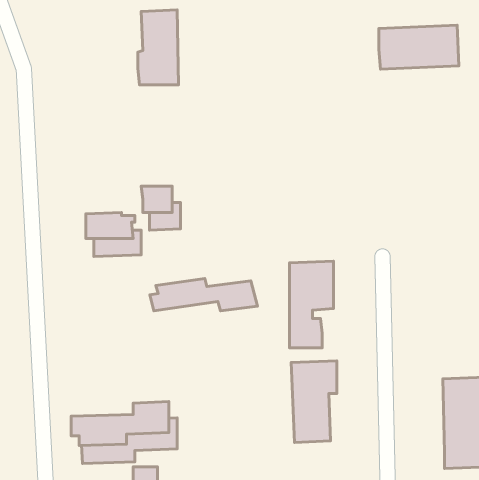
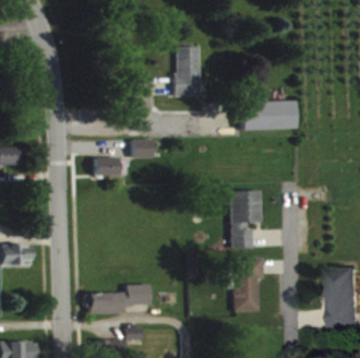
building: [138,10,179,85] -> [172,43,200,93]
building: [379,25,459,69] -> [239,98,292,128]
building: [150,279,258,311] -> none

